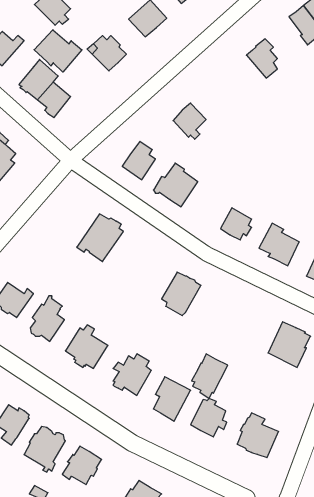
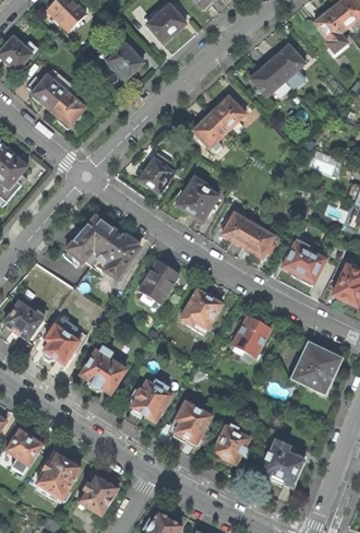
building: [34,30,82,72] -> none
building: none -> [251,61,291,96]
building: none -> [212,95,245,129]
building: none -> [223,211,255,244]
building: none -> [62,214,116,265]
building: none -> [140,257,179,305]
building: [192,354,228,398] -> [232,313,271,360]

